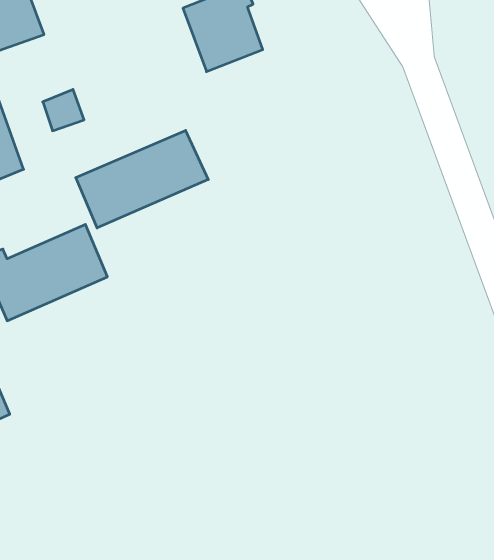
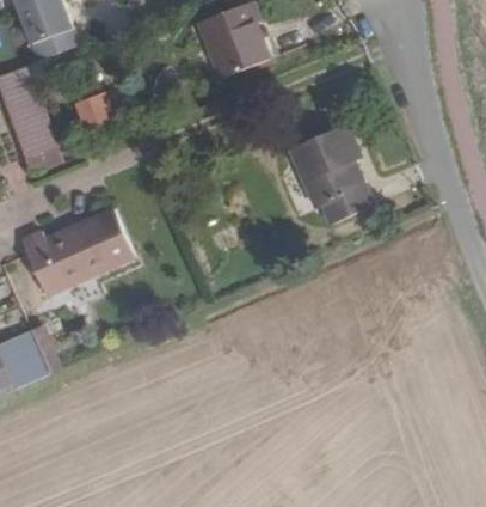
building: none -> [290,123,373,222]
building: [76,130,208,228] -> none

